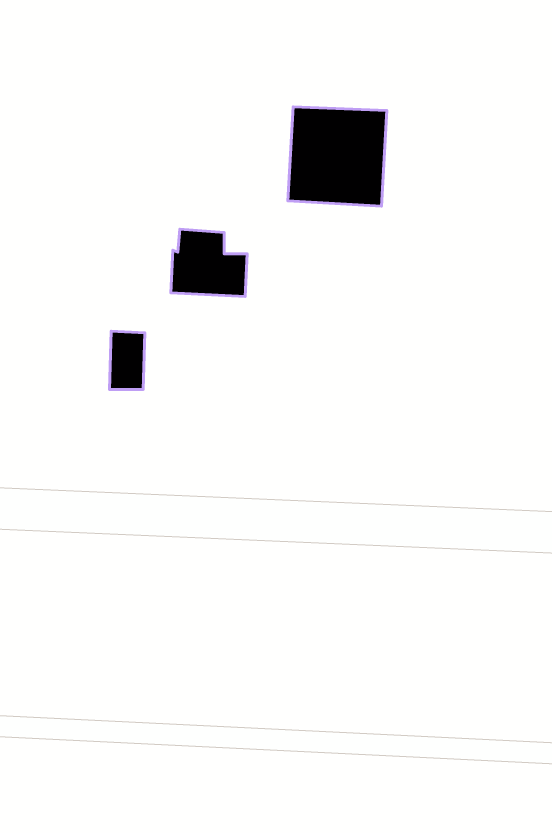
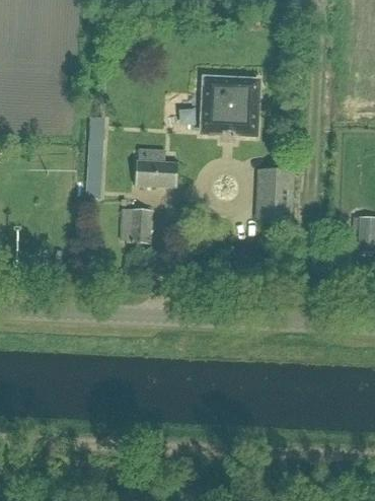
building: none -> [255,166,294,220]
building: [109,331,145,390] -> [130,208,150,241]

